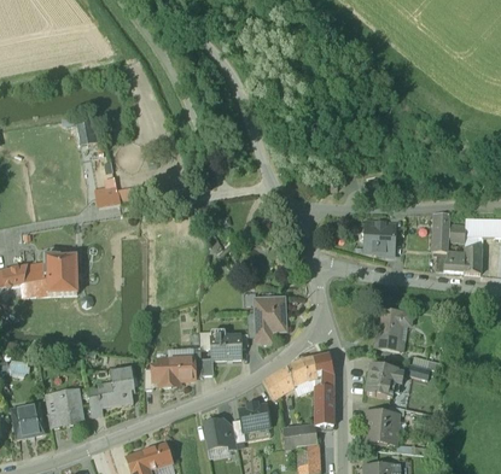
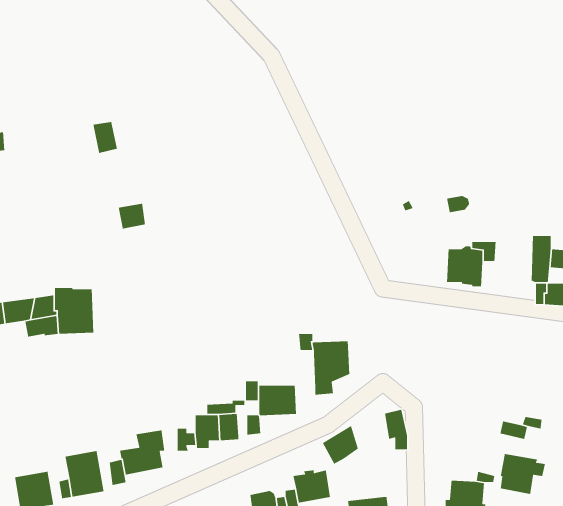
building: [375,308,413,350] -> none
building: [287,357,318,386] -> none
building: [367,364,404,398] -> [500,453,546,495]
building: [315,387,333,425] -> none

